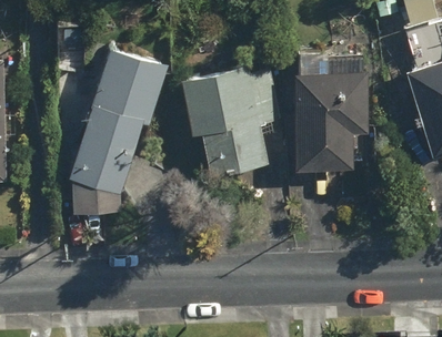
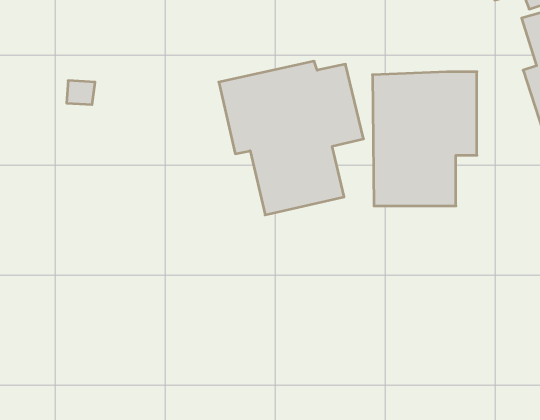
building: [64,39,169,207] -> none

